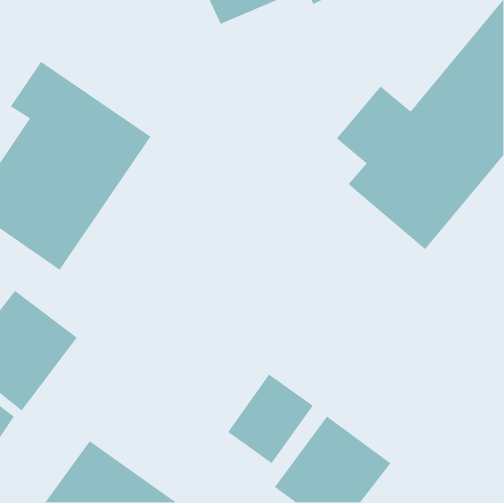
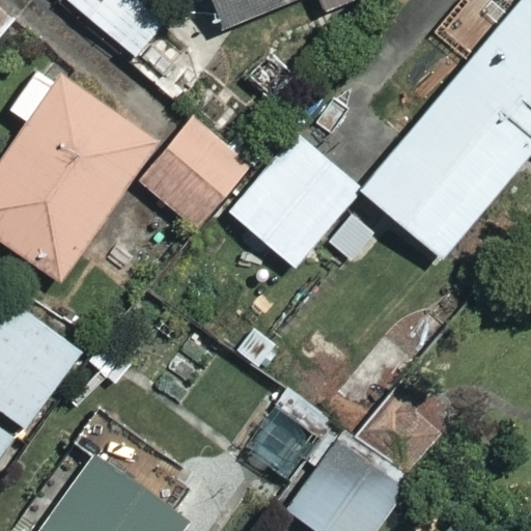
building: none -> [142,119,249,228]
building: none -> [229,133,376,268]

